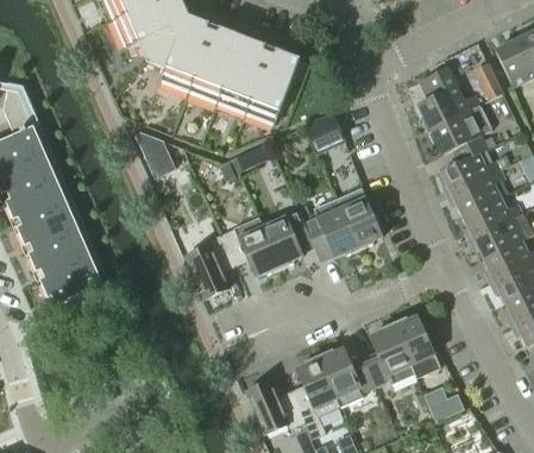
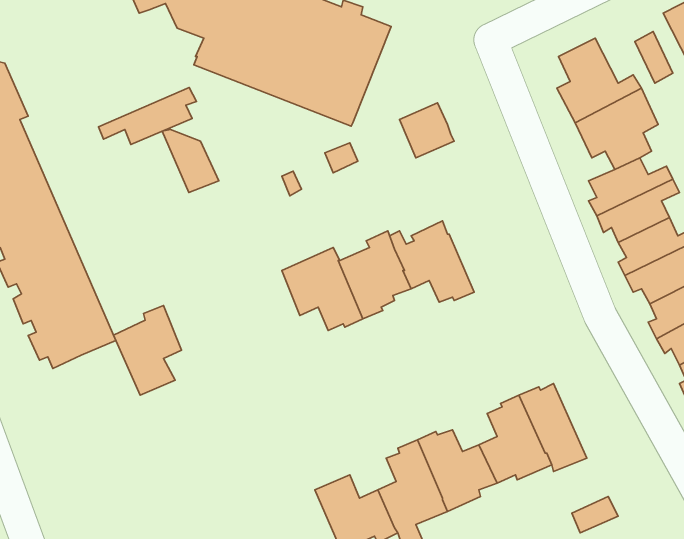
building: none -> [98,88,197,145]
building: [337,188,382,250] -> none
building: [186,234,234,298] -> [114,305,182,395]

